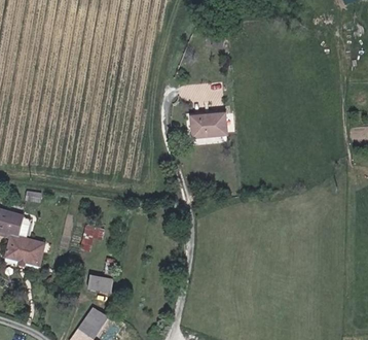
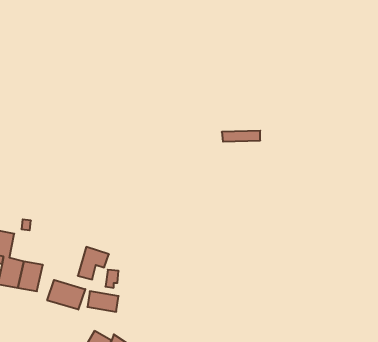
building: [198,111,231,132] -> none
building: none -> [47,280,85,310]

